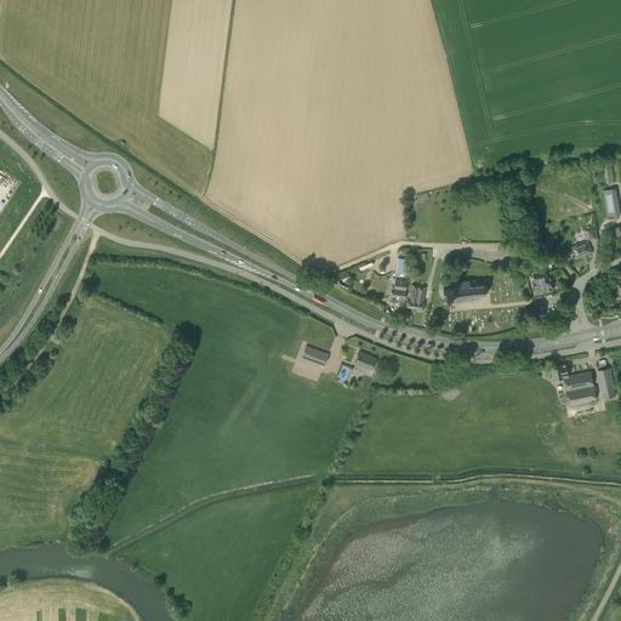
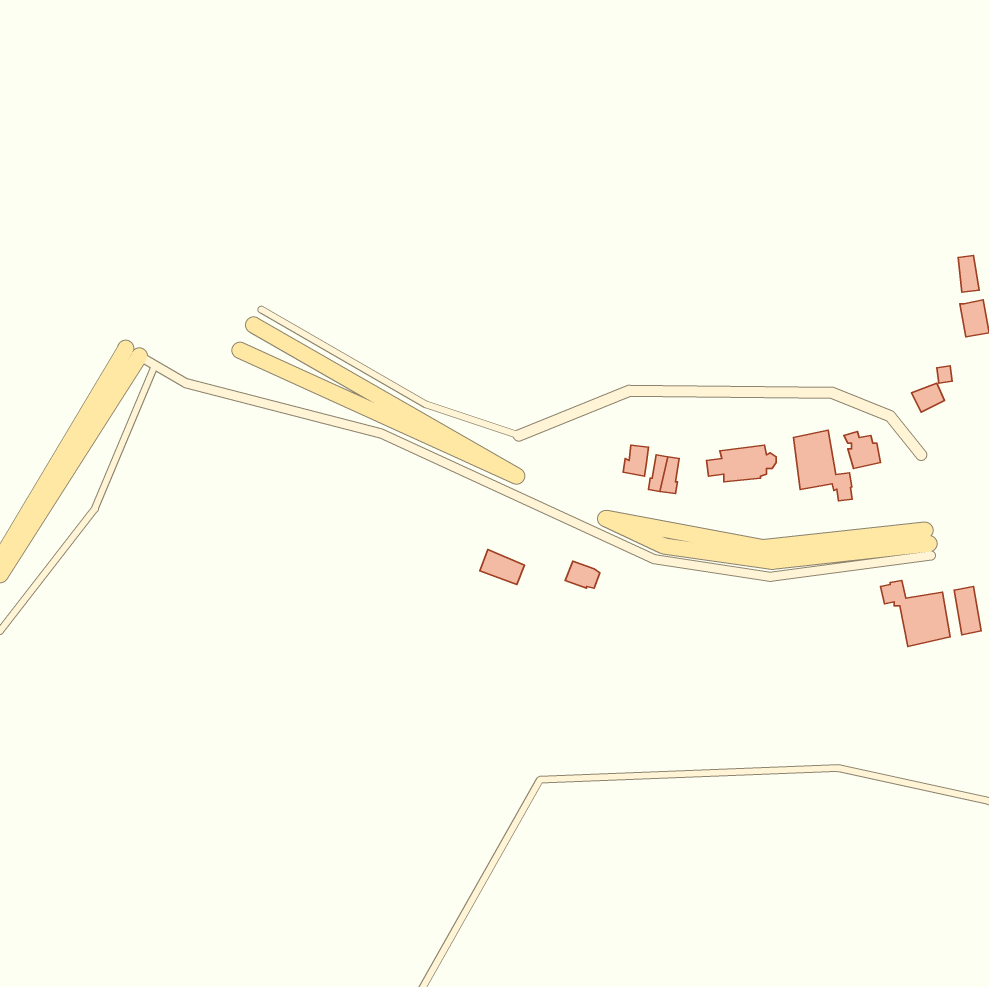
building: none -> [794,430,852,501]

